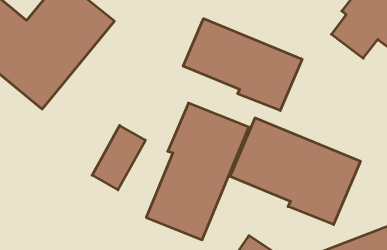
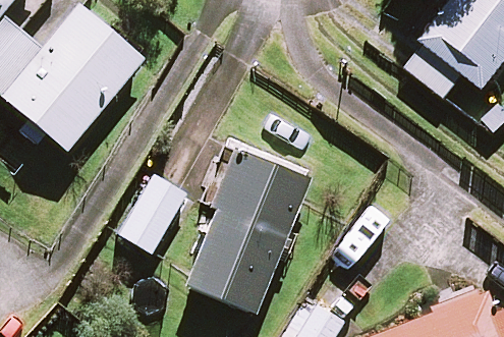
building: [183,19,302,111] -> none
building: [230,118,360,225] -> none

